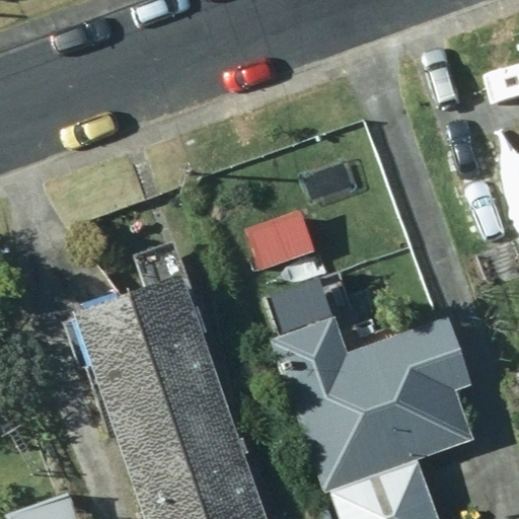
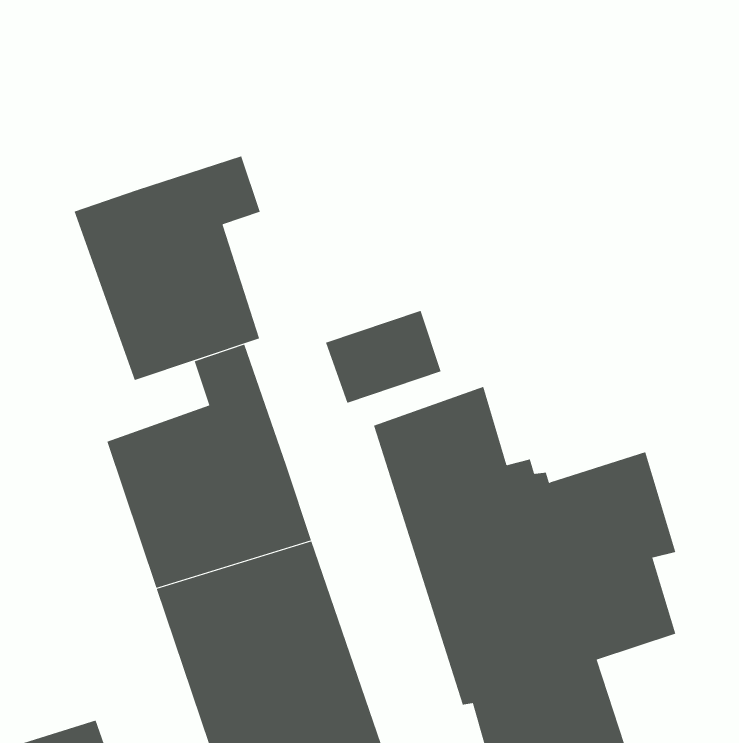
building: none -> [74,155,260,381]

